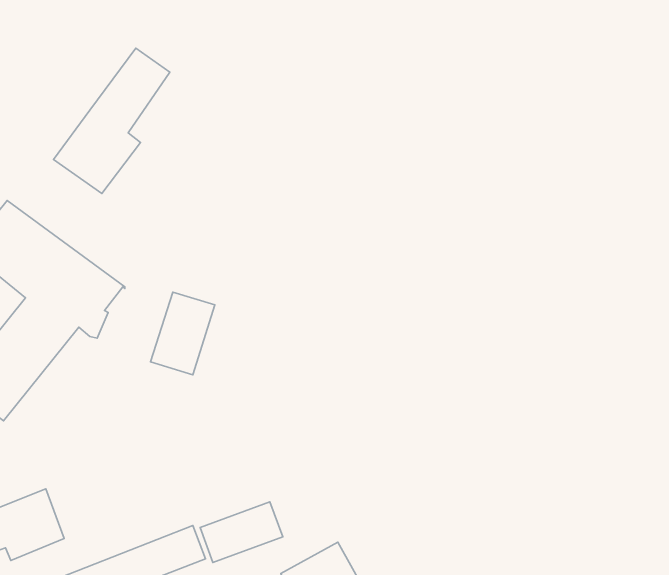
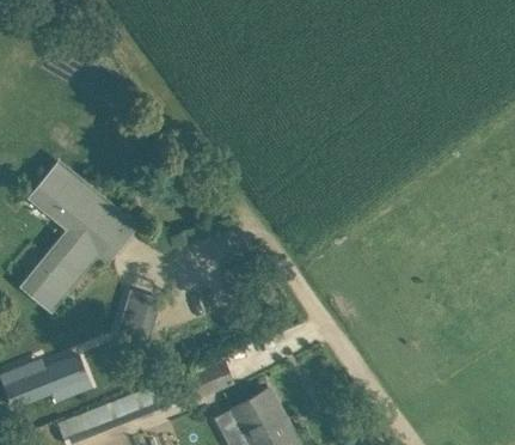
building: [54,48,170,193] -> none
building: [151,292,215,375] -> [117,291,159,345]

